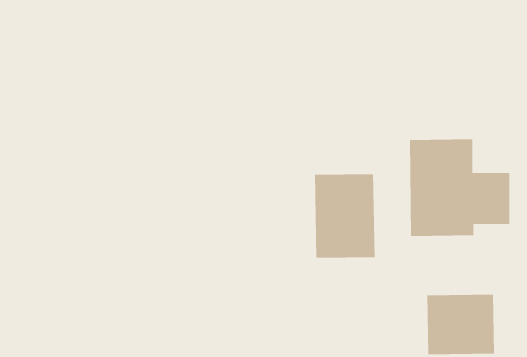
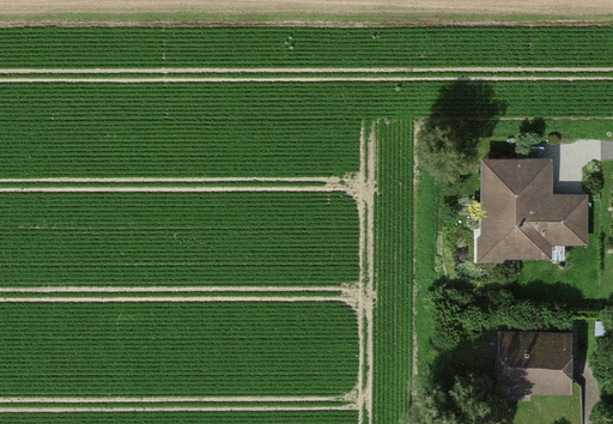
building: [315,173,375,259] -> none

